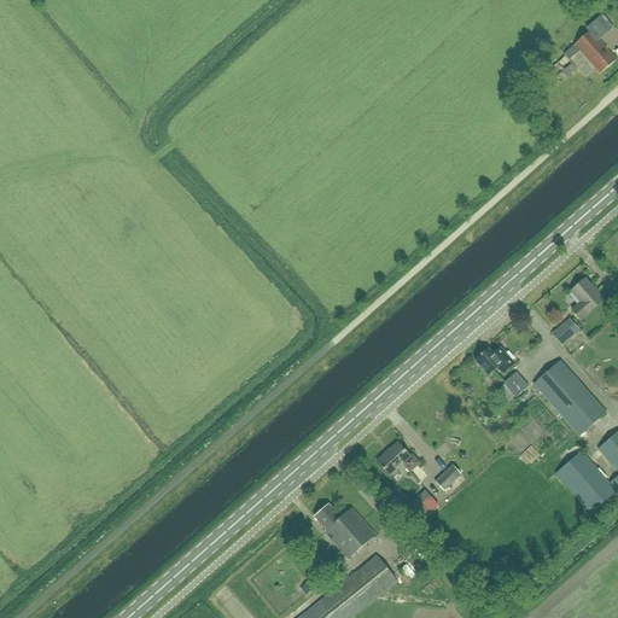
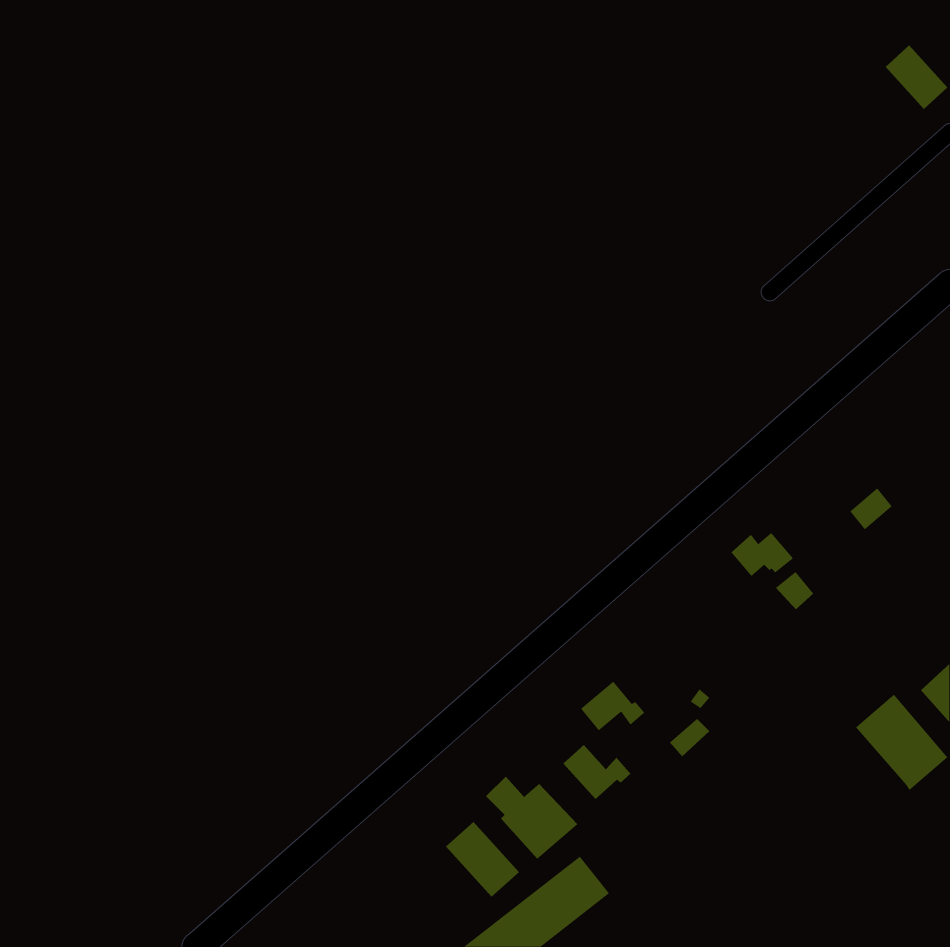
building: [571,278,604,319] -> none
building: [532,358,606,435] -> none
building: none -> [563,744,631,800]
building: none -> [445,821,520,898]

